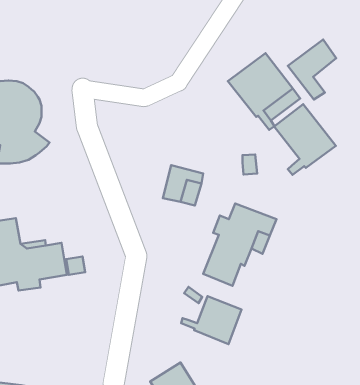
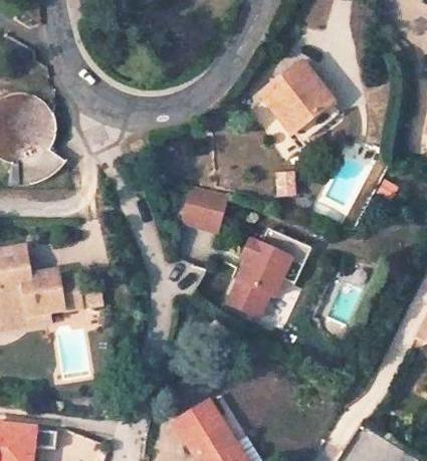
building: [288,39,336,100] -> none
building: [274,104,336,175] -> none
building: [181,296,242,344] -> none

